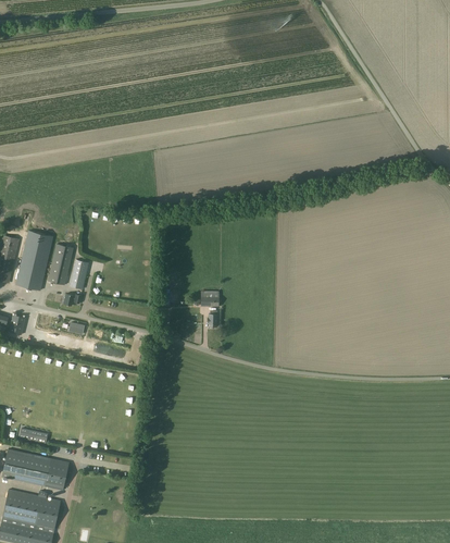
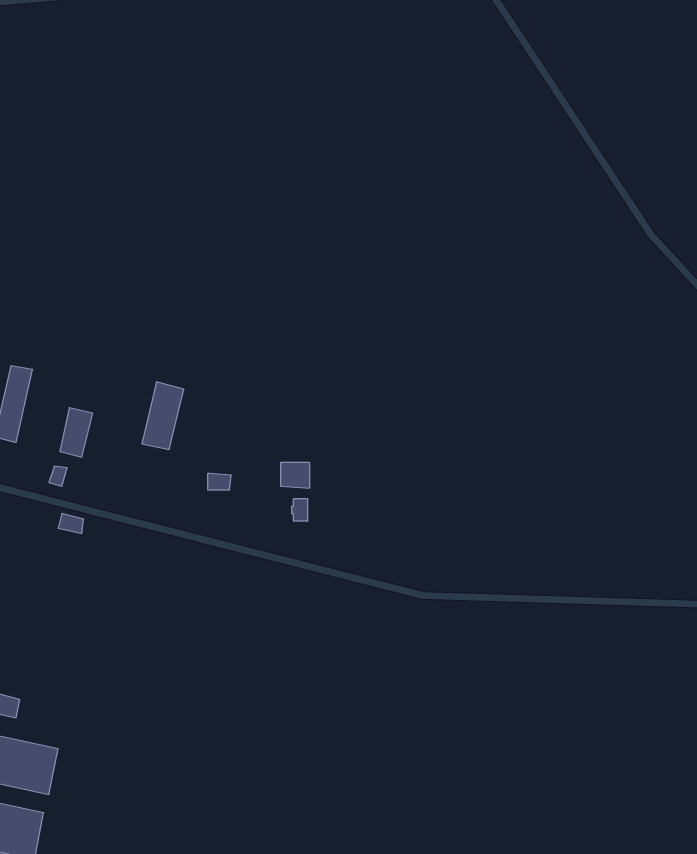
building: [48,244,73,284] -> [142,382,184,449]

